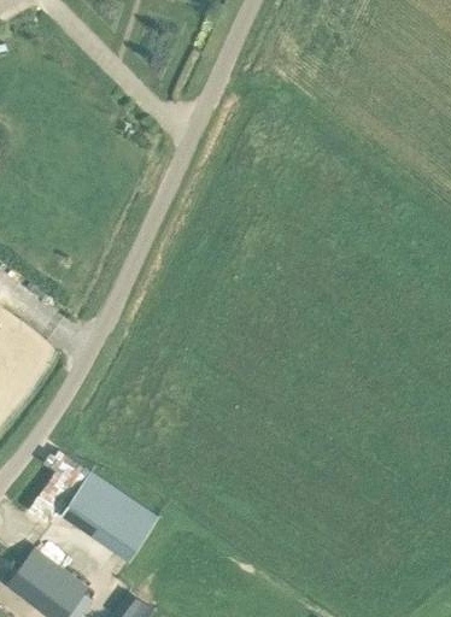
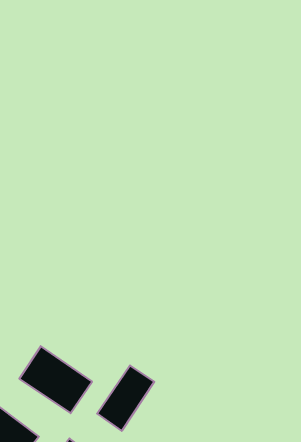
building: none -> [97,365,154,431]

